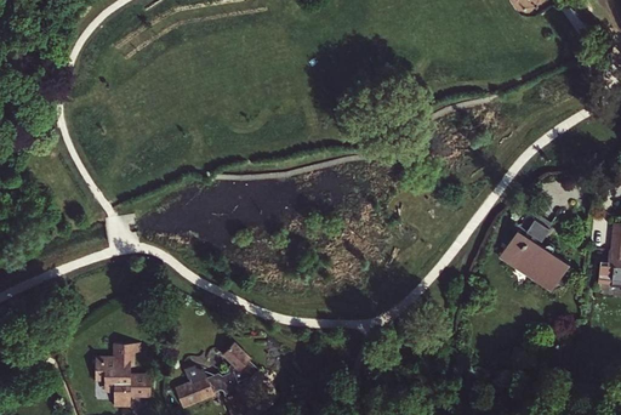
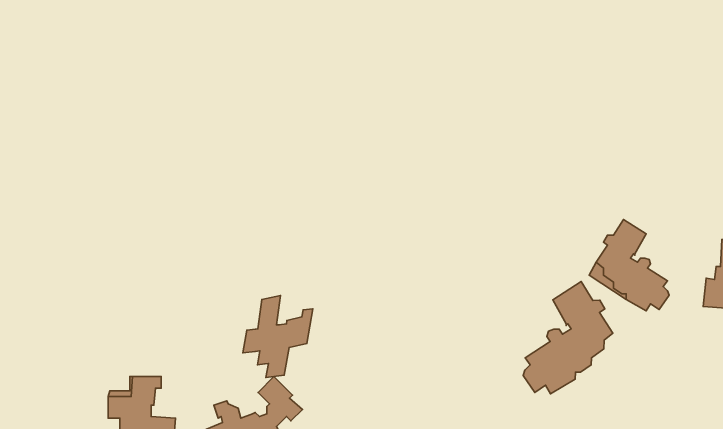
building: none -> [523,282,613,394]
building: none -> [243,295,313,377]

